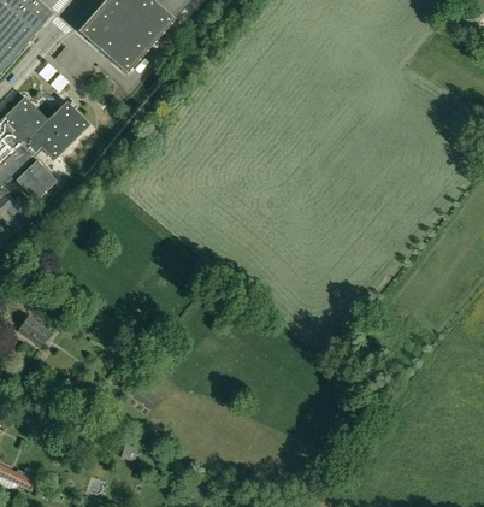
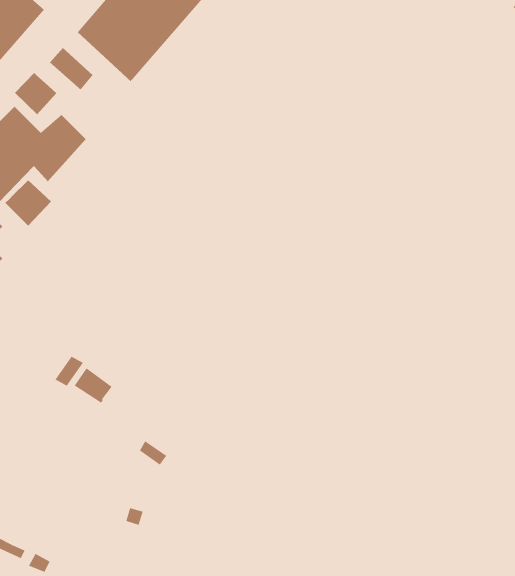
building: none -> [14,72,57,115]
building: [17,316,51,347] -> [74,367,113,404]

